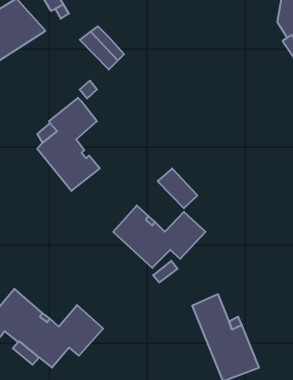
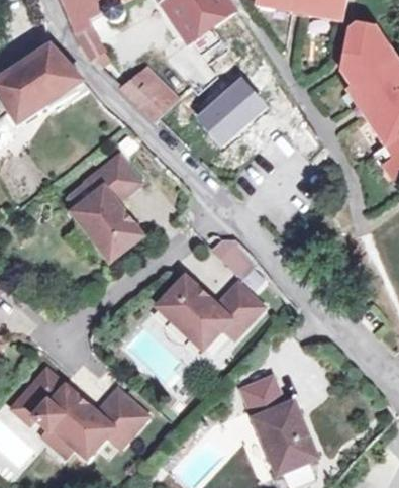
building: none -> [193,72,266,143]

